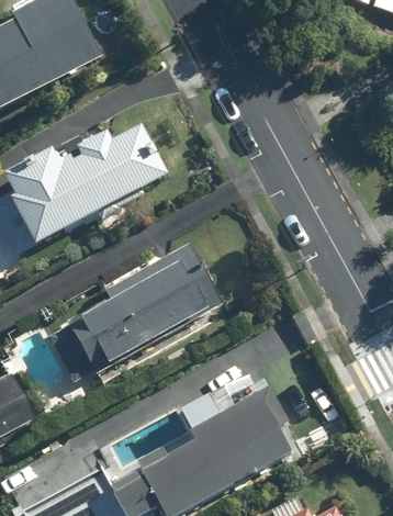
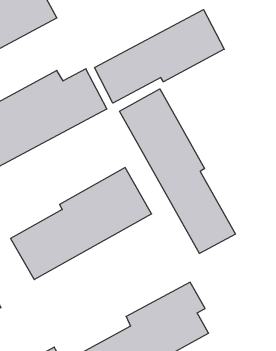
building: none -> [95,10,224,103]
building: none -> [120,89,235,253]

